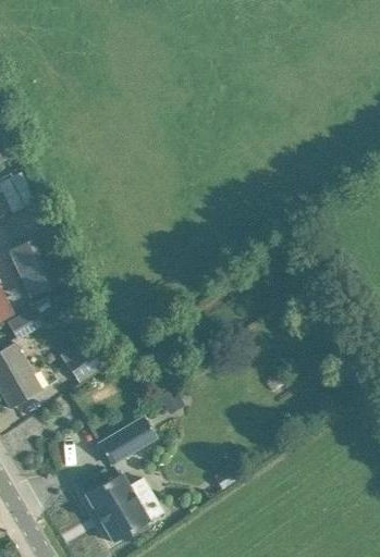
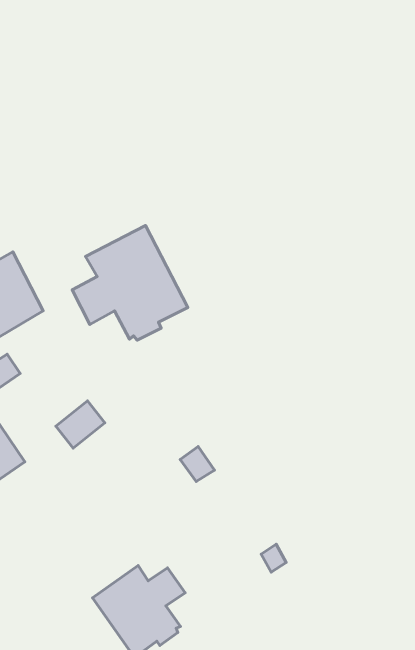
building: none -> [72,226,188,340]
building: [97,417,155,465] -> none

